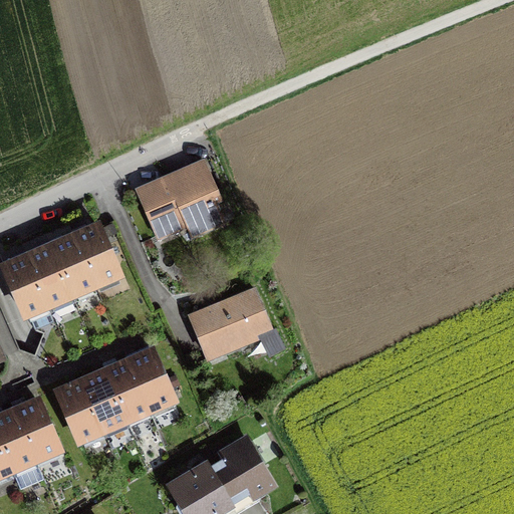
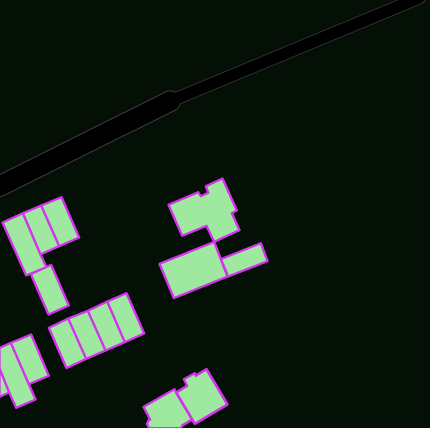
building: [138,159,222,234] -> [169,179,239,242]
building: [73,224,118,283] -> [31,265,69,315]
building: none -> [221,243,268,277]

